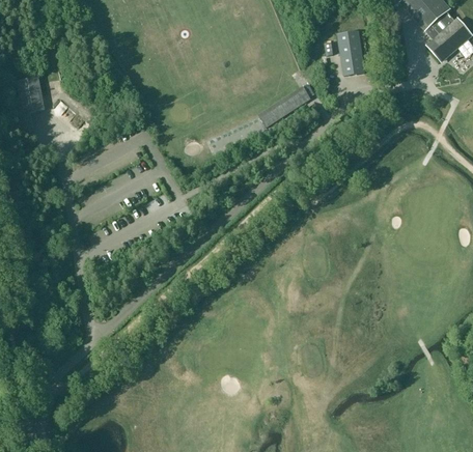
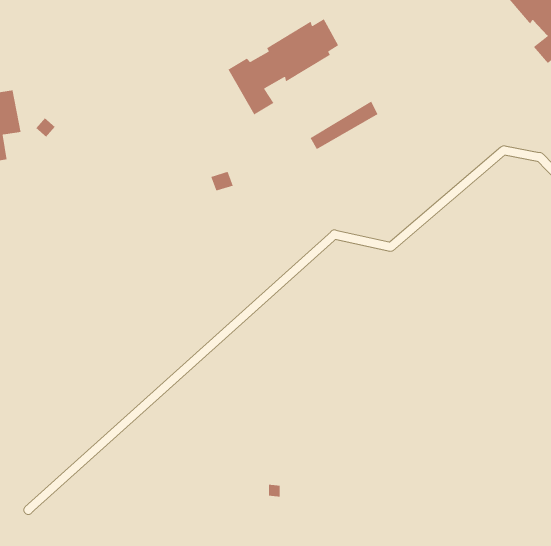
building: none -> [224,18,339,117]
building: [337,30,364,75] -> none

